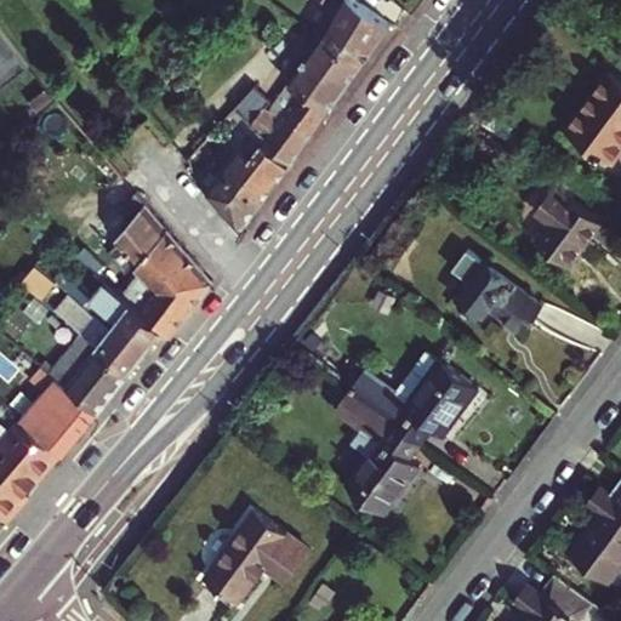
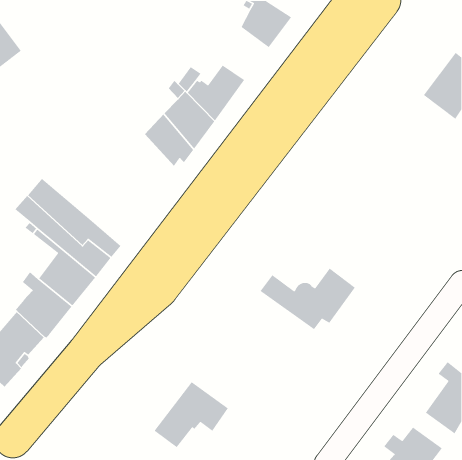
building: [289,41,359,112] -> none
building: [535,189,599,266] -> none
building: [115,211,212,340] -> none
building: [449,252,537,330] -> none
building: [334,394,420,515] -> none

